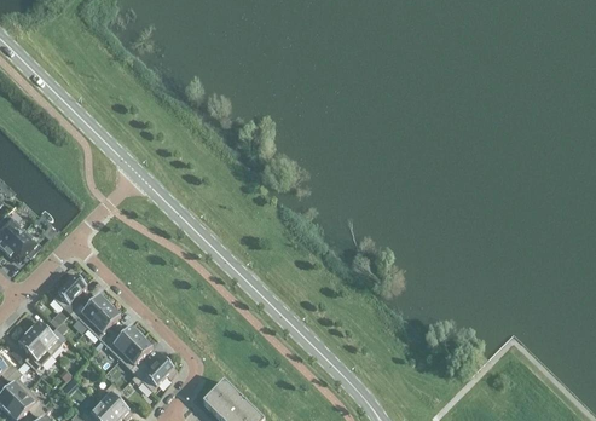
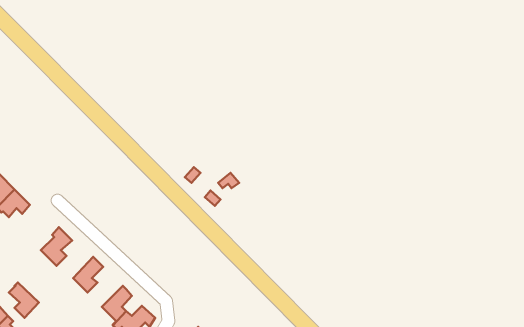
building: [69,294,109,327] -> none
building: [27,321,65,353] -> none
building: [103,325,141,358] -> none

